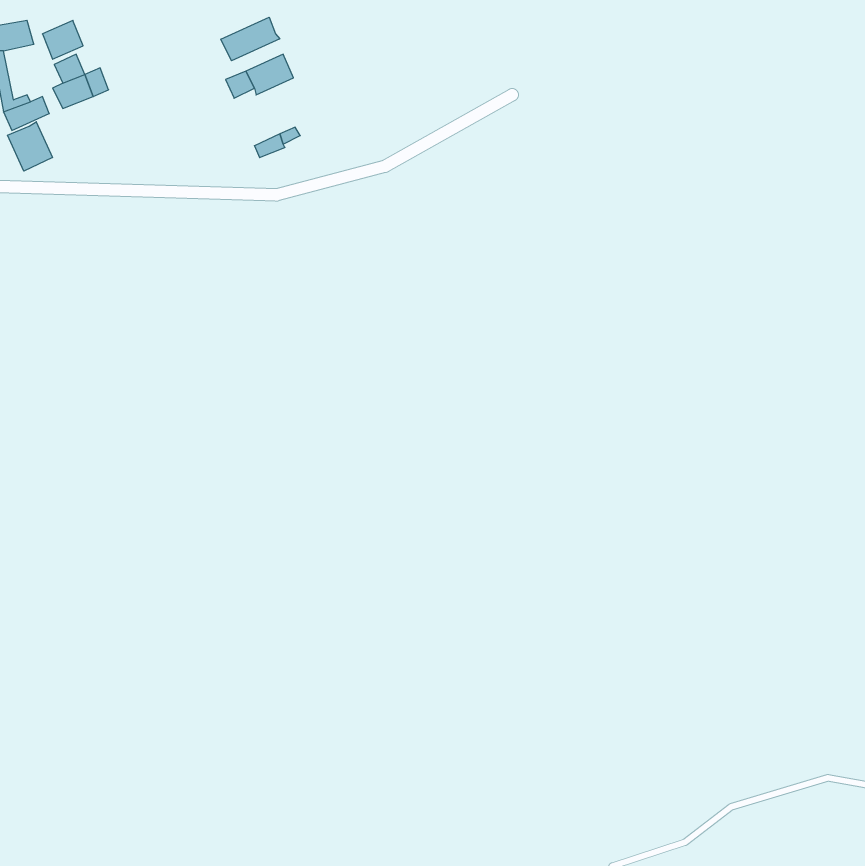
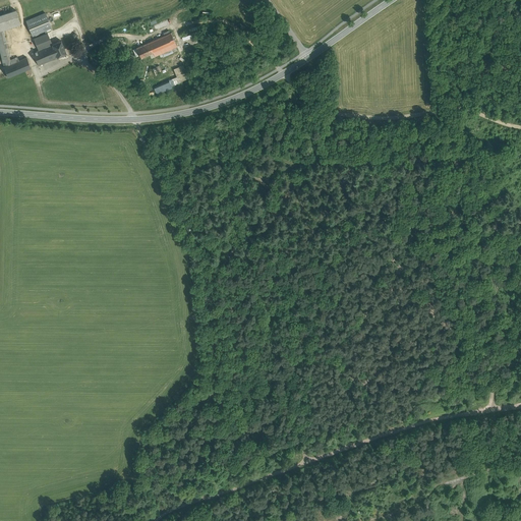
building: [221,17,280,61] -> none
building: [8,122,52,171] -> none

